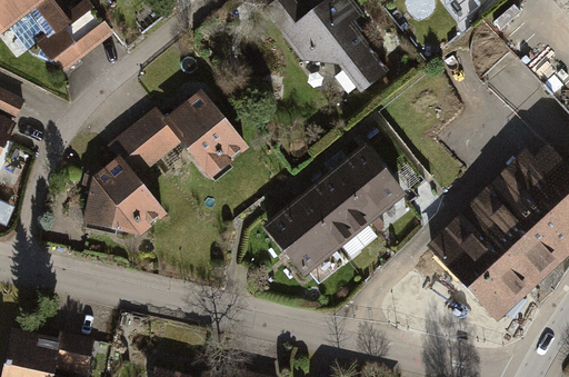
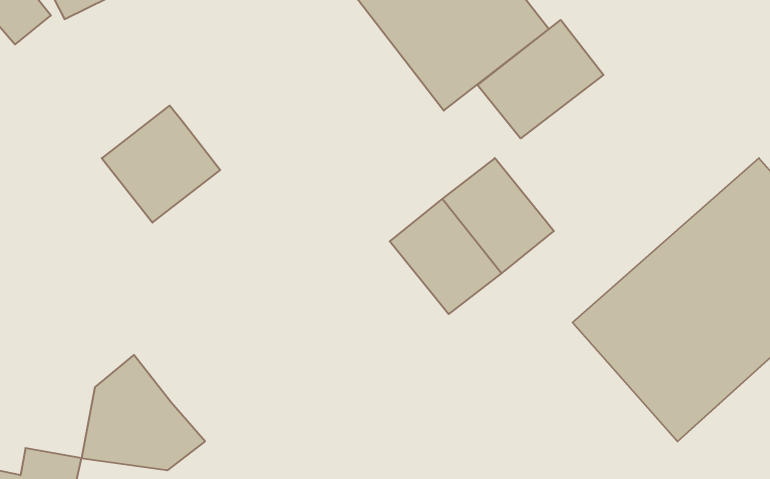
building: none -> [478,20,603,138]
building: [163,89,244,175] -> none
building: [84,152,166,228] -> [81,355,205,470]
building: [264,196,338,271] -> none

